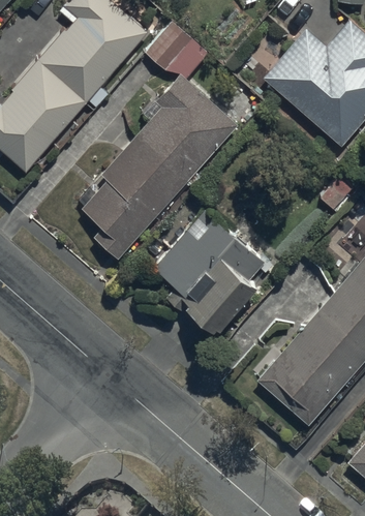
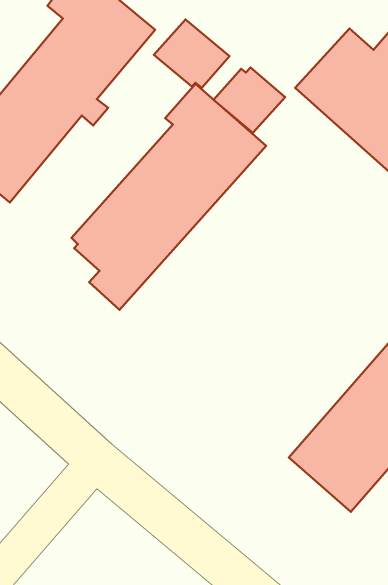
building: none -> [213,67,285,133]
building: [152,209,273,331] -> none

